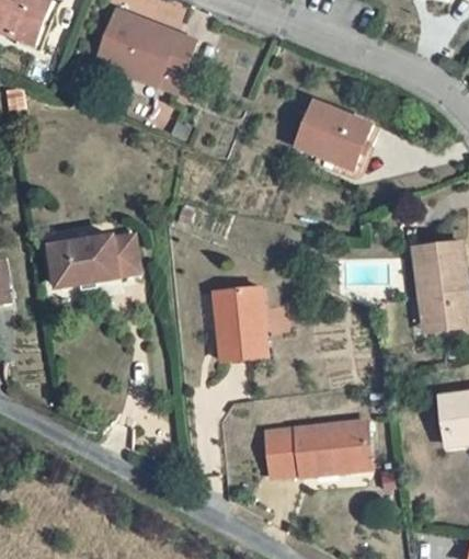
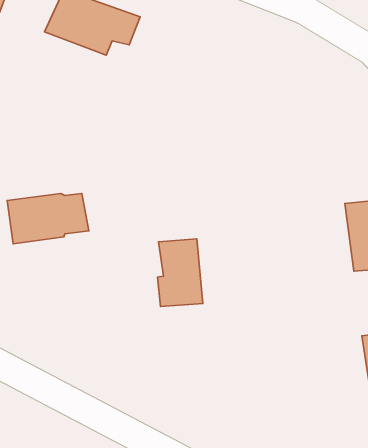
building: [296,106,370,175] -> none
building: [260,429,359,477] -> none

